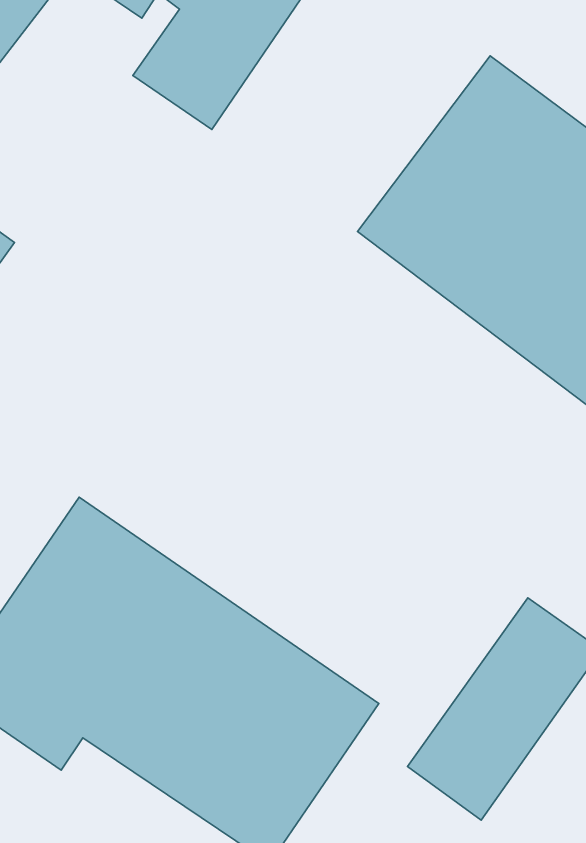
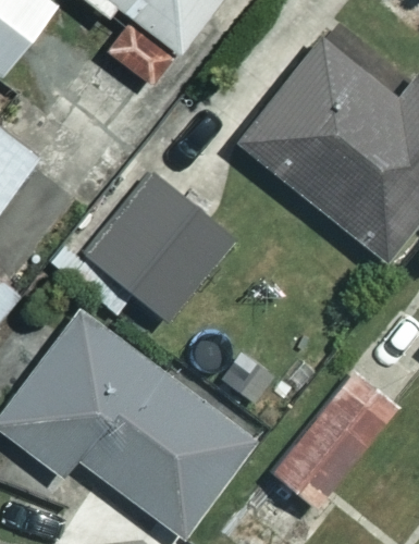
building: none -> [90,178,237,324]

